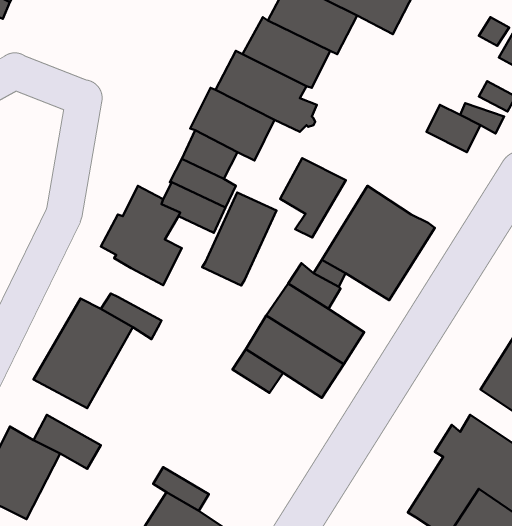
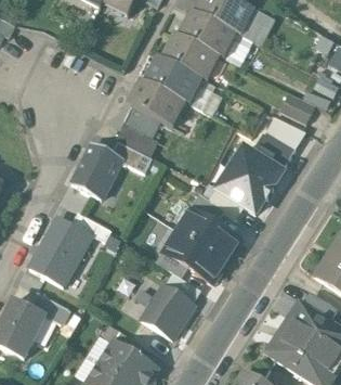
building: [280,158,346,237] -> [261,116,303,167]
building: [202,192,276,285] -> none
building: none -> [141,284,194,338]

